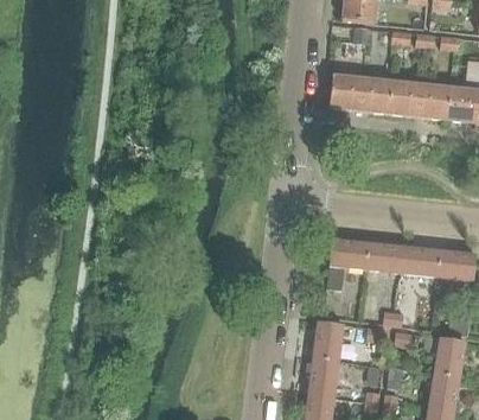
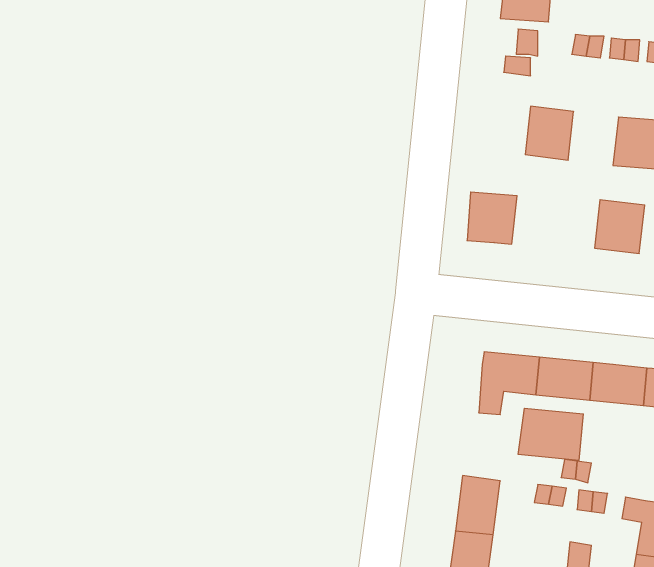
building: [330,75,363,109] -> [467,192,517,244]
building: [388,81,421,116] -> [595,200,645,253]
building: none -> [518,408,583,460]

